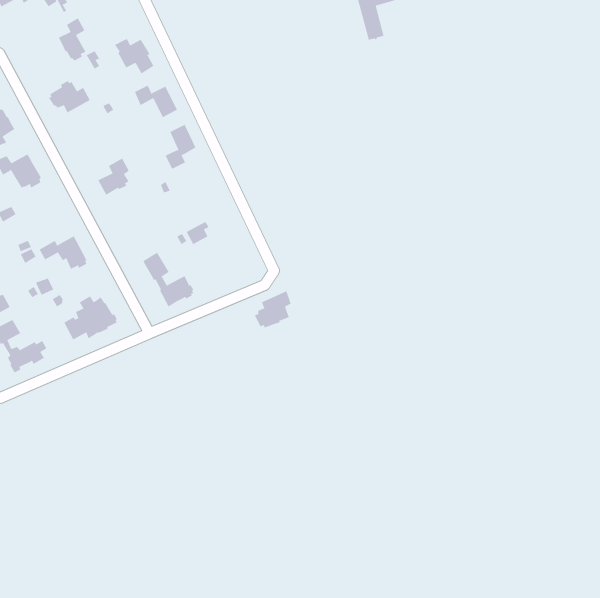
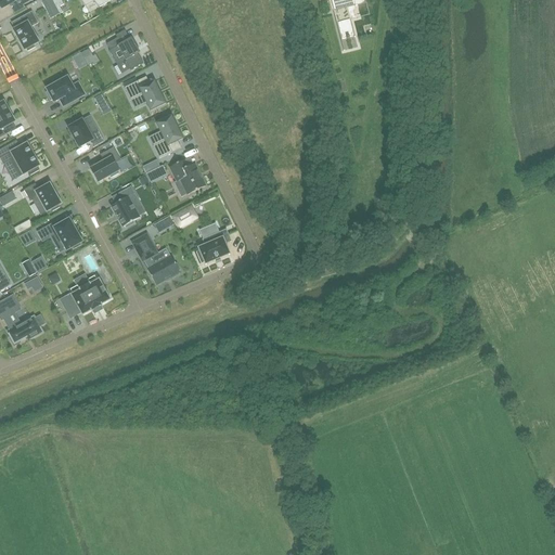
building: [58,18,86,61] -> [12,9,38,49]
building: none -> [67,117,103,145]
building: none -> [169,157,204,193]
building: none -> [23,181,60,209]
building: none -> [111,184,138,225]
building: [254,290,292,329] -> [195,227,230,262]

